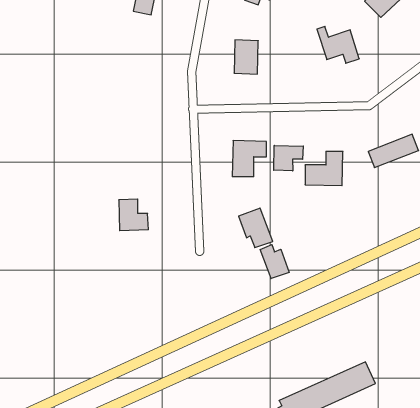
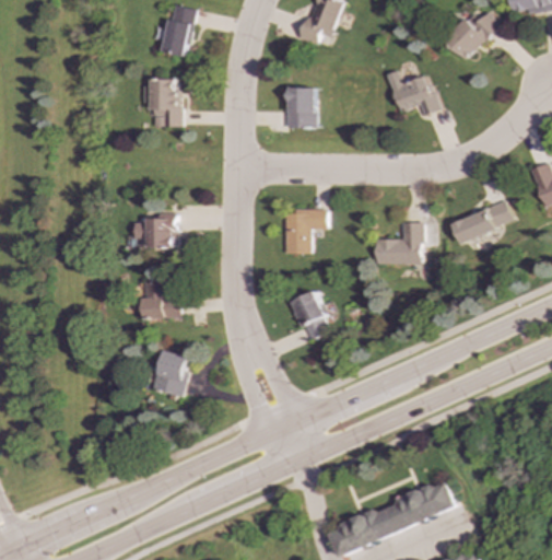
building: none -> [143,78,180,126]
building: none -> [136,212,178,247]
building: [274,145,303,171] -> none
building: [260,245,289,279] -> none
building: none -> [156,349,191,395]

